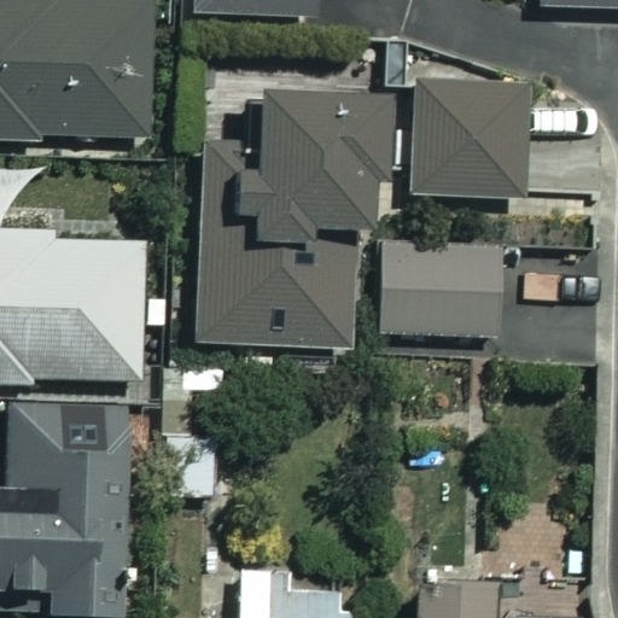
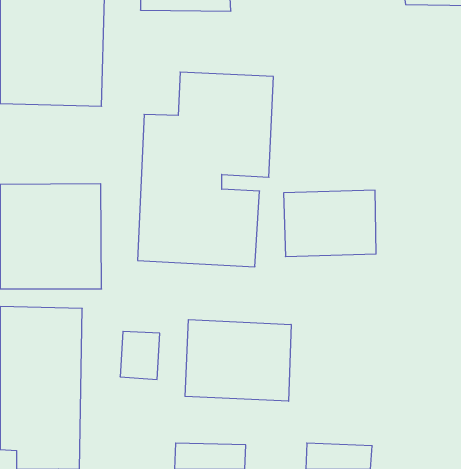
building: [410,84,527,197] -> none
building: none -> [185,320,291,401]

